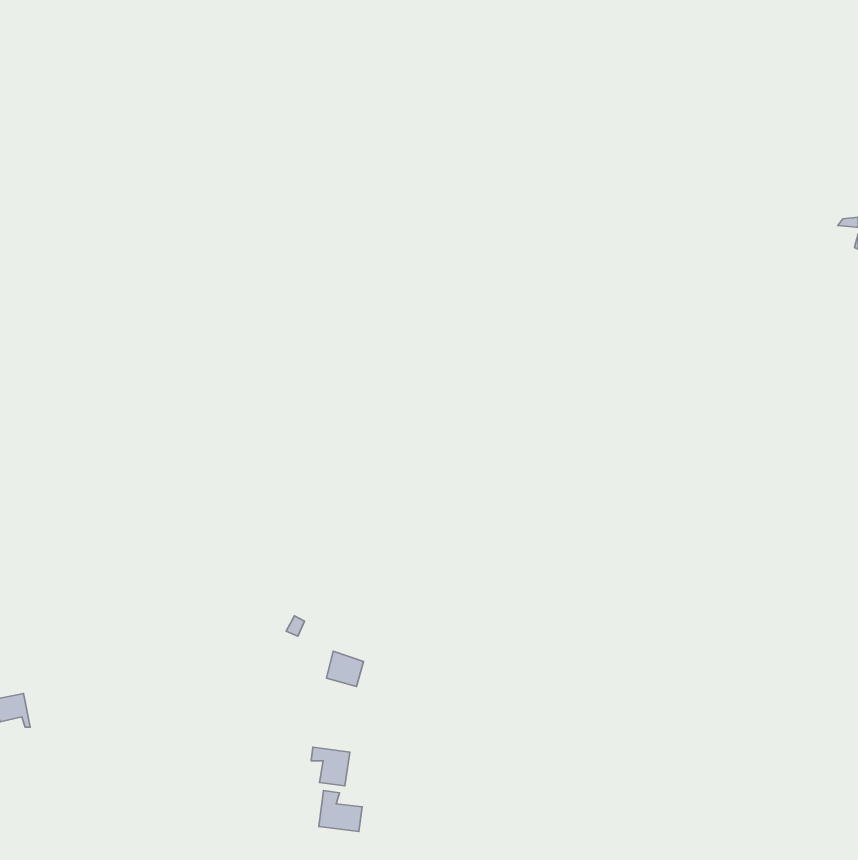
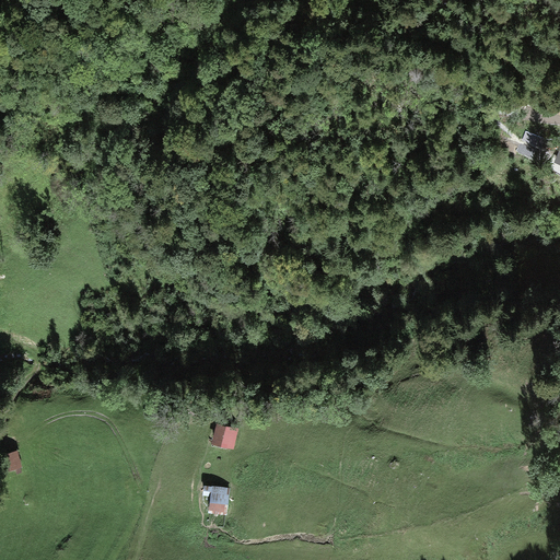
building: [319,790,362,832] -> none

